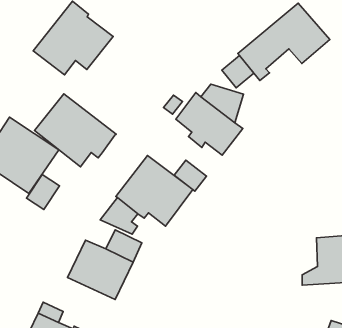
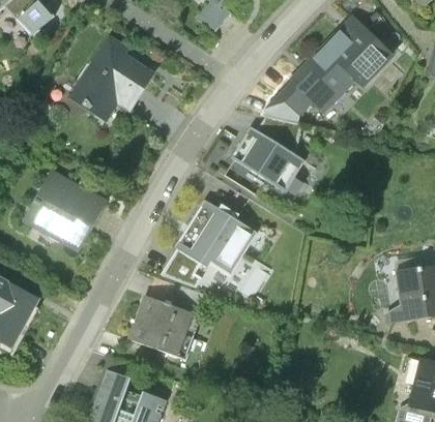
building: [35,94,116,167] -> none
building: [174,160,206,191] -> none
building: [26,174,60,210] -> none

